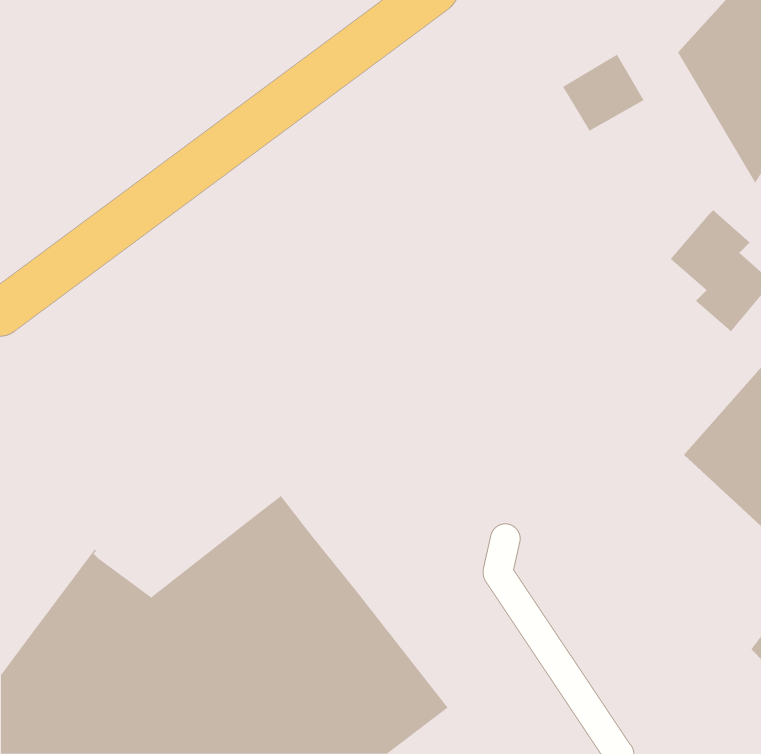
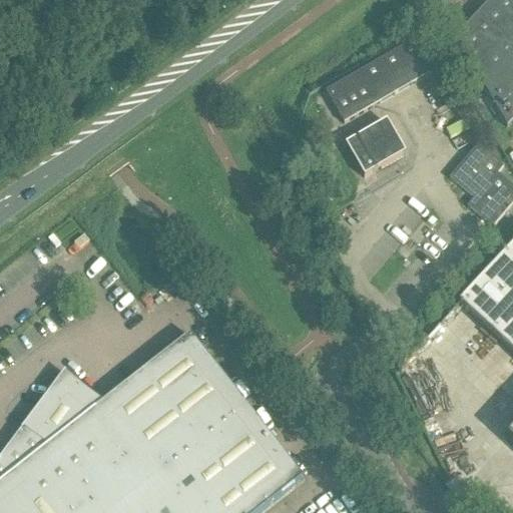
building: none -> [327,58,397,118]
building: none -> [347,118,406,173]

